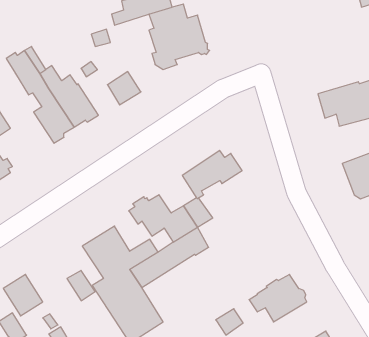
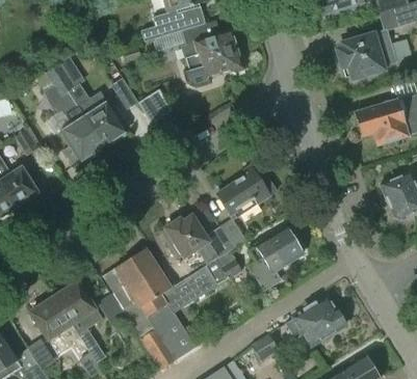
building: none -> [335,31,394,81]
building: none -> [249,227,302,290]
building: none -> [54,282,101,335]

